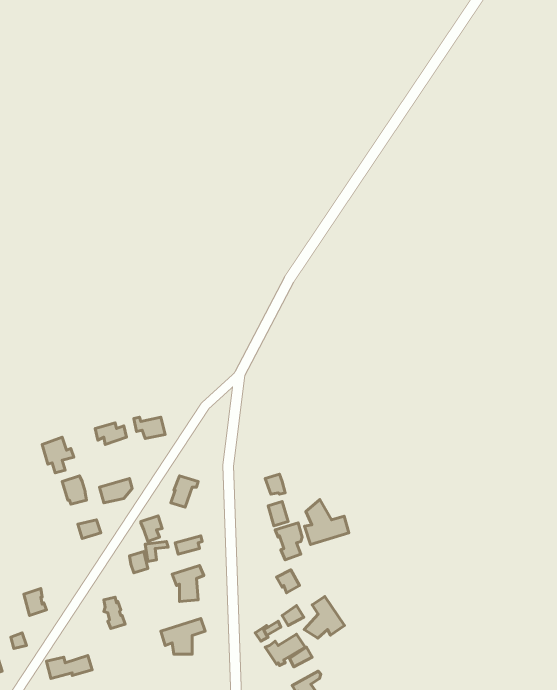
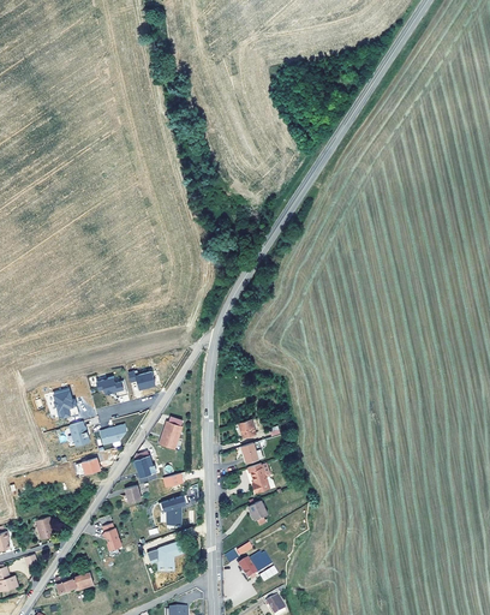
building: [305,499,349,545] -> none
building: [304,596,344,638] -> none

